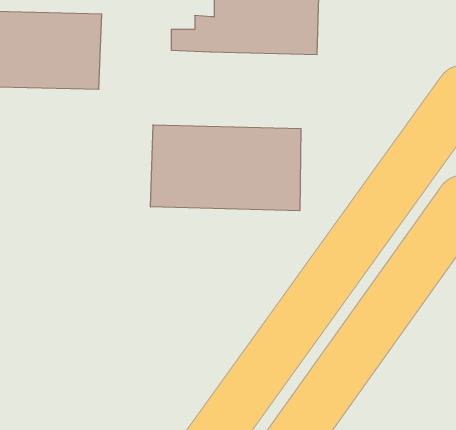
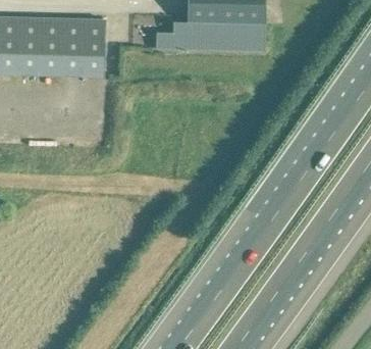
building: [151,125,301,211] -> none

